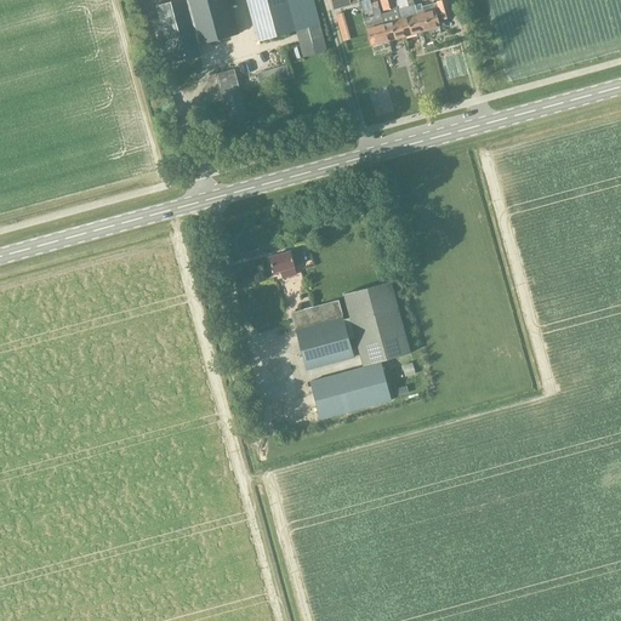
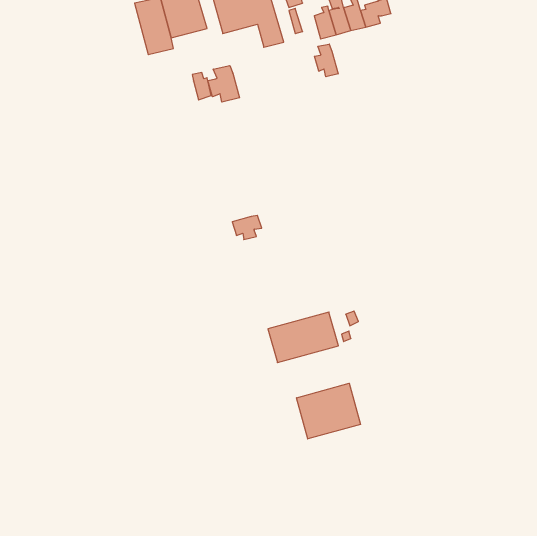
building: none -> [314,44,338,77]
building: none -> [208,66,240,102]
building: [291,280,409,369] -> none
building: none -> [297,383,360,439]

